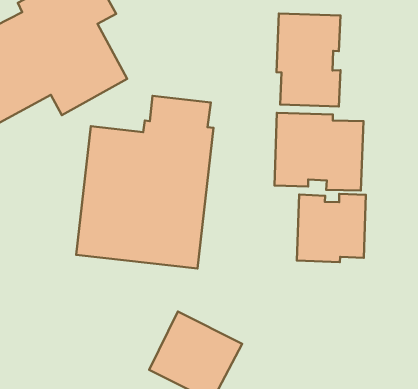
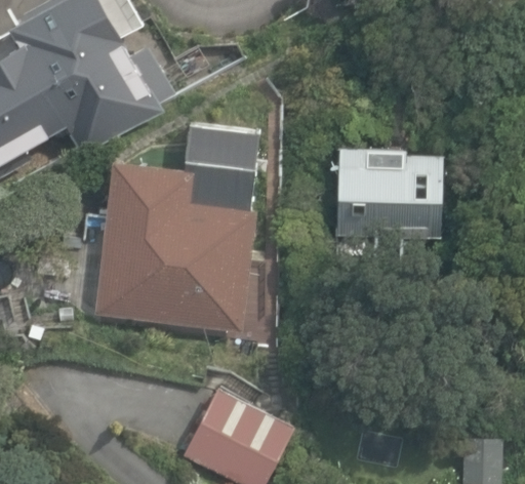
building: [277,13,341,107] -> none
building: [297,194,366,262] -> none

